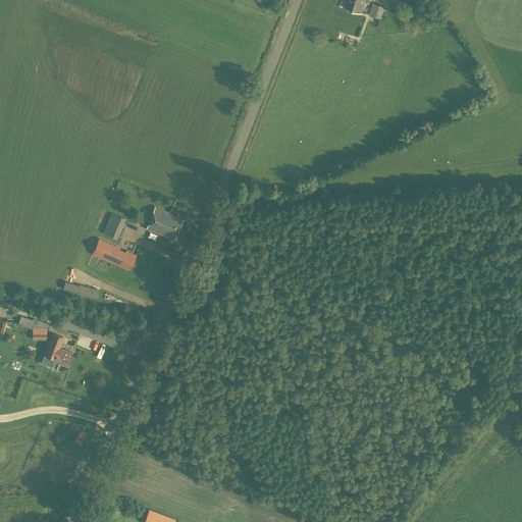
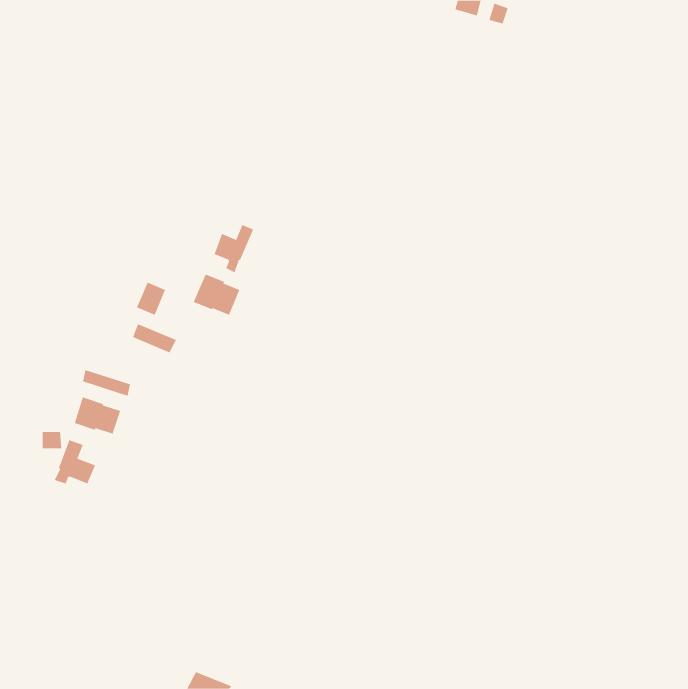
building: none -> [214,224,254,273]
building: none -> [74,397,121,435]

